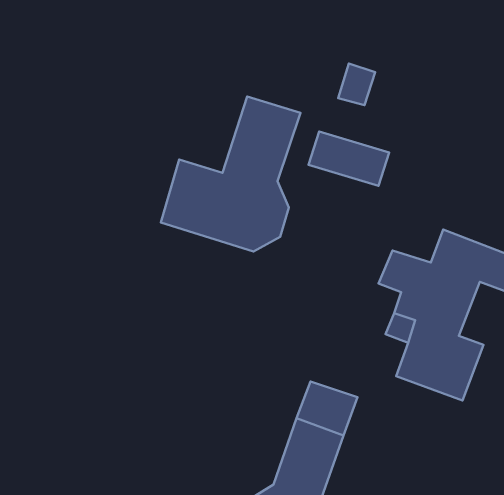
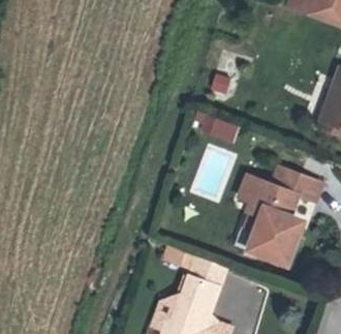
building: [161,96,301,251] -> none

